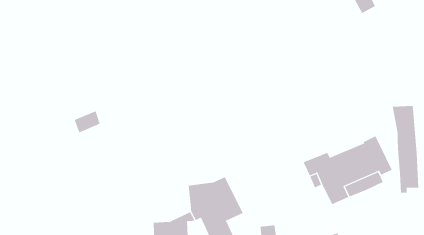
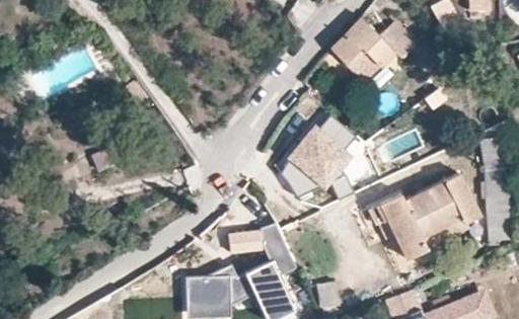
building: none -> [330,16,417,80]
building: none -> [281,116,358,200]

